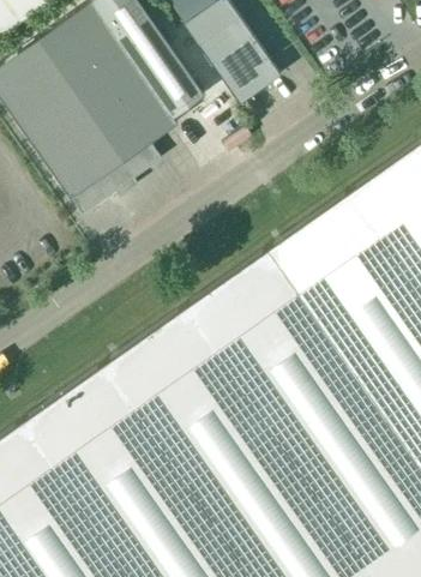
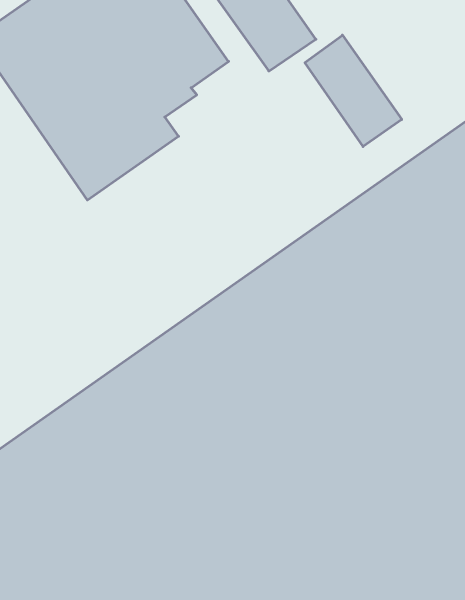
building: none -> [305,35,402,147]

